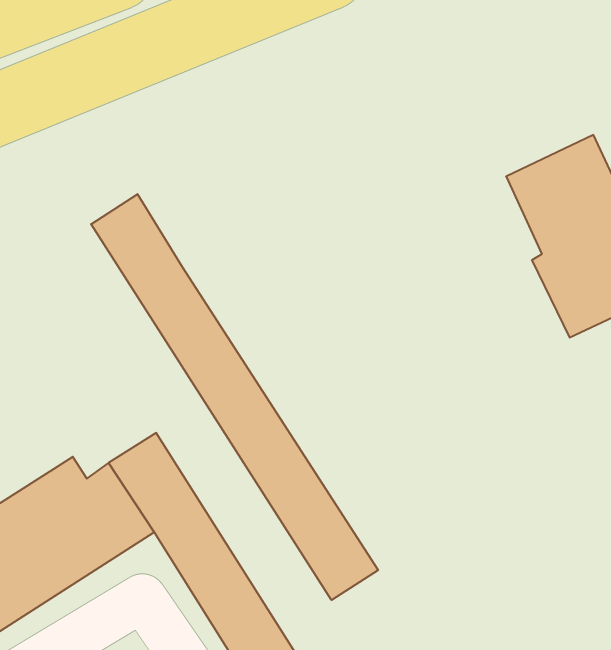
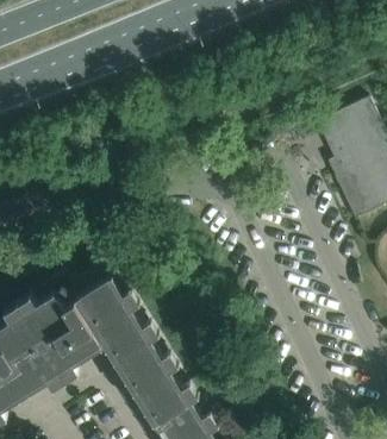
building: [91,194,378,600] -> none

